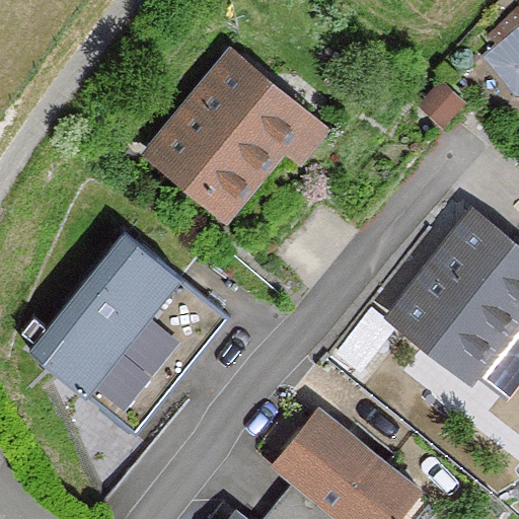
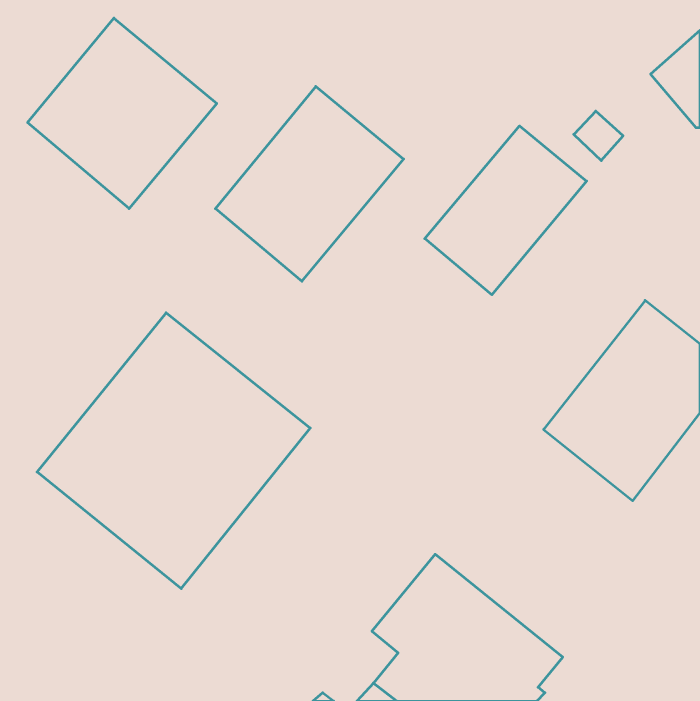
building: none -> [28,18,217,209]
building: none -> [425,126,587,295]

